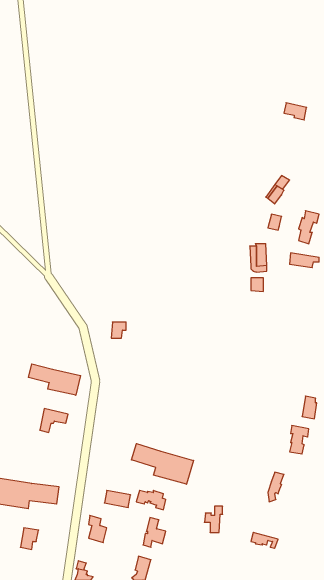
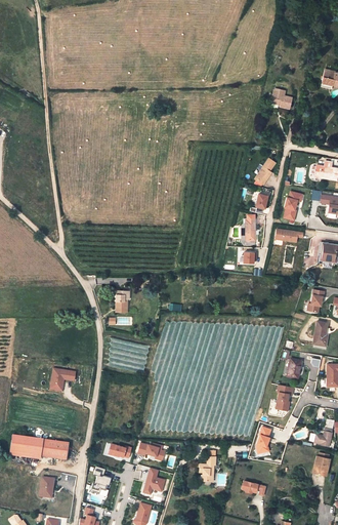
building: [28,364,81,395] -> none
building: [131,444,194,484] -> none

